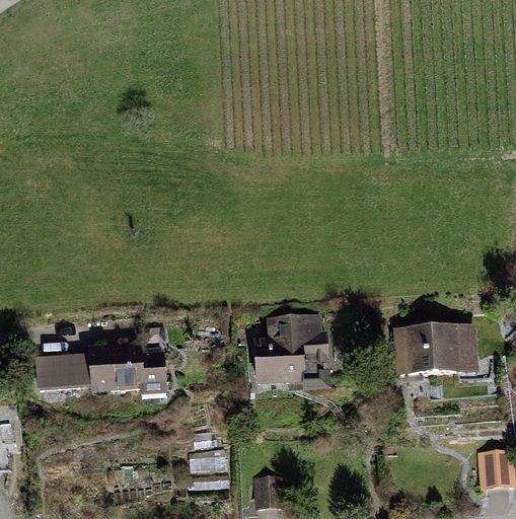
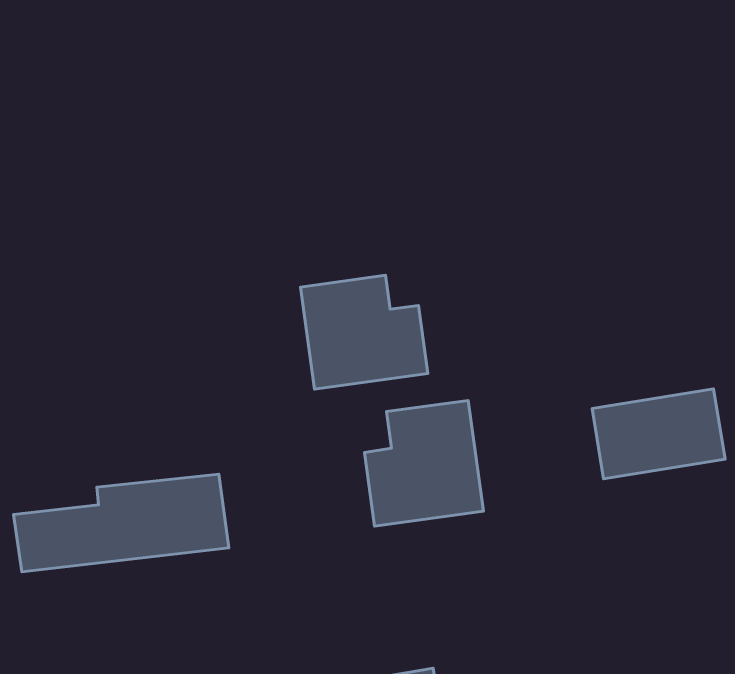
building: none -> [301,275,428,389]

